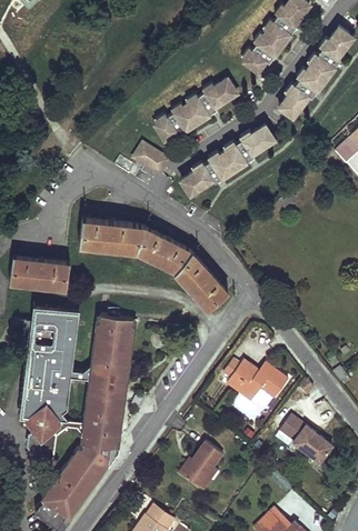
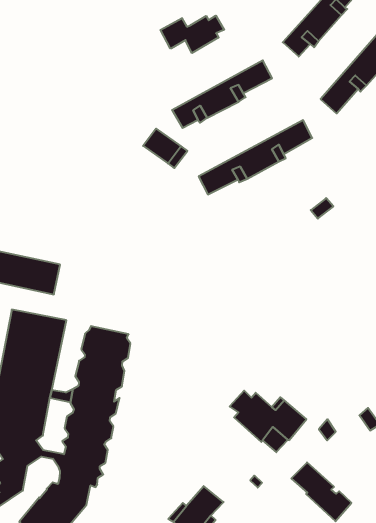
building: none -> [160,16,224,53]
building: [79,217,228,309] -> none

